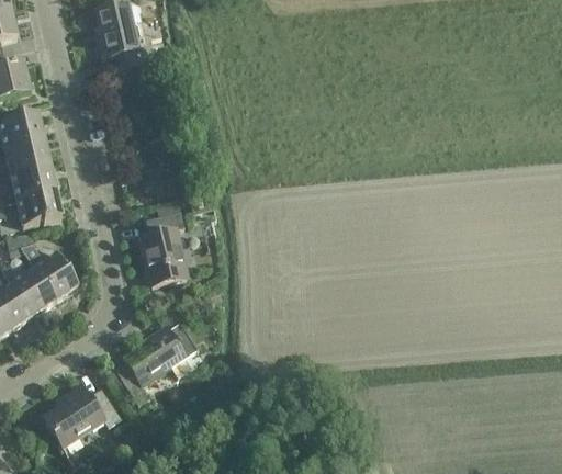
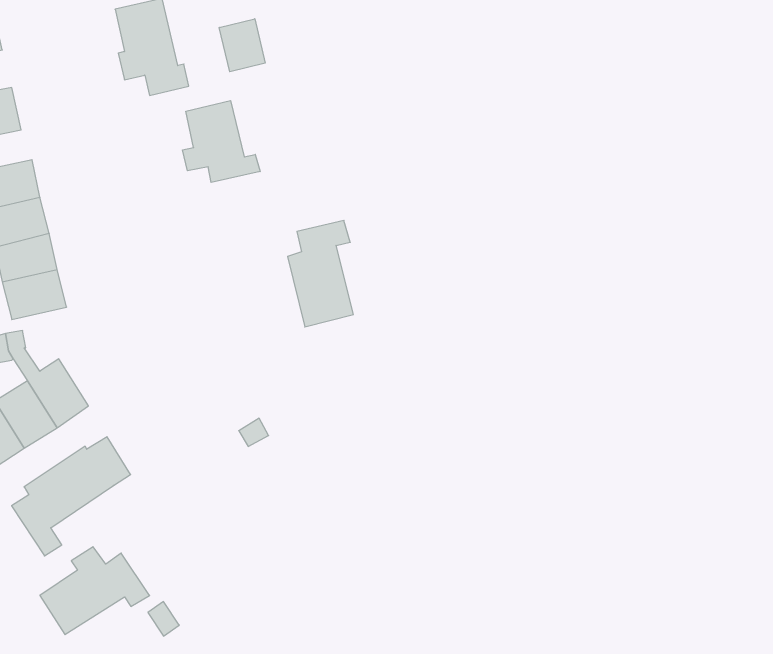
building: none -> [219,19,265,72]
building: none -> [183,101,260,182]
building: [139,212,186,286] -> [288,220,353,327]
building: [114,321,198,405] -> [12,437,131,556]

